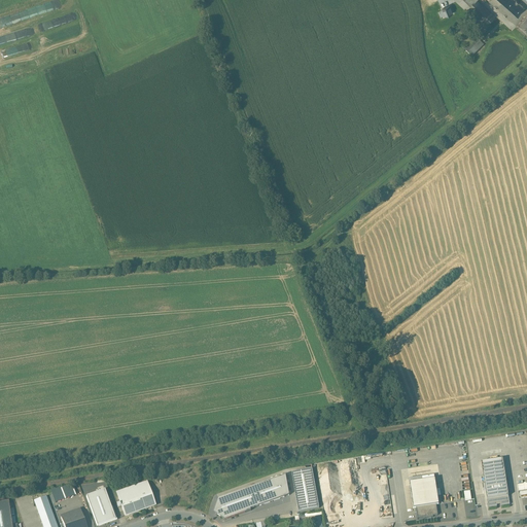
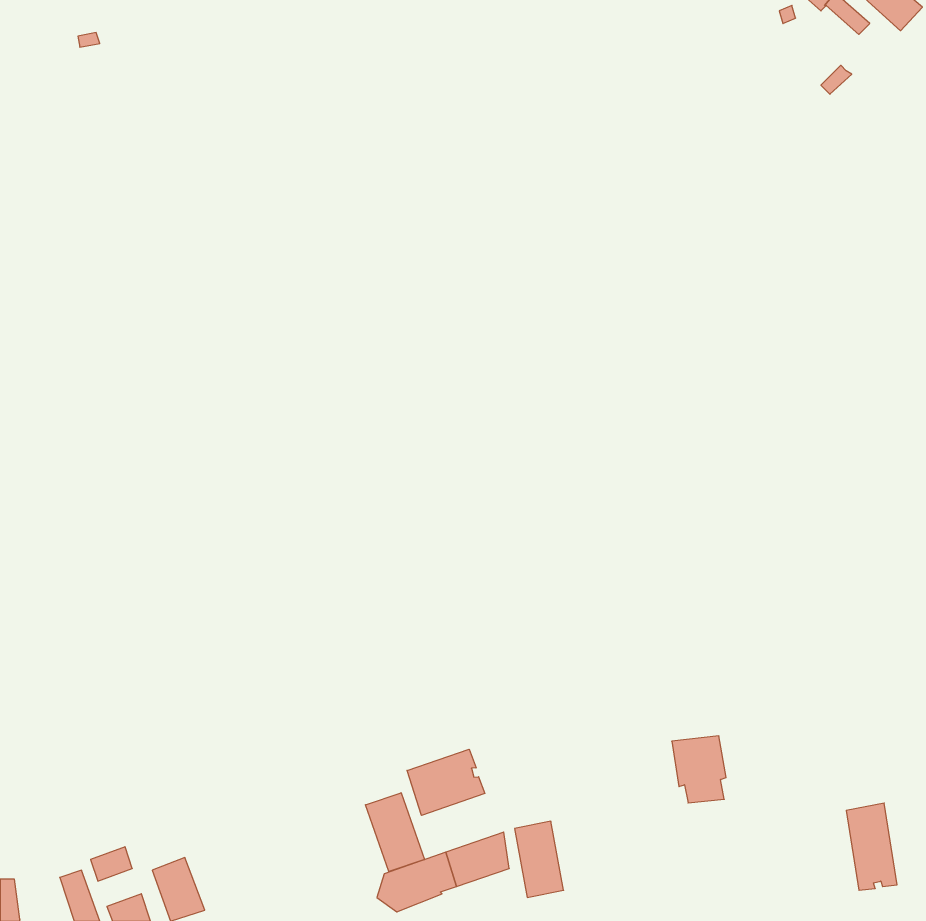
building: none -> [407,749,485,815]
building: none -> [365,793,425,872]
building: [409,478,440,516] -> [672,736,726,803]
building: [116,483,154,514] -> none

